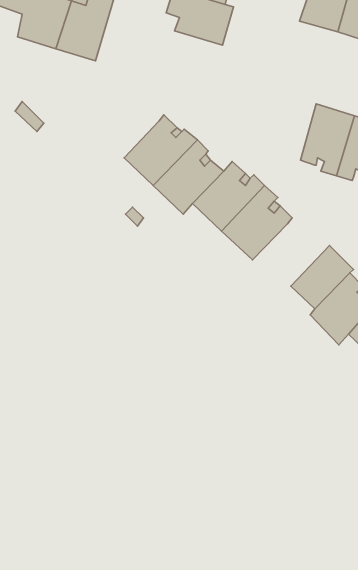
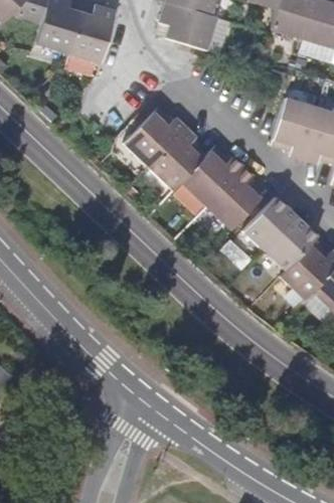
building: none -> [242,200,296,253]

